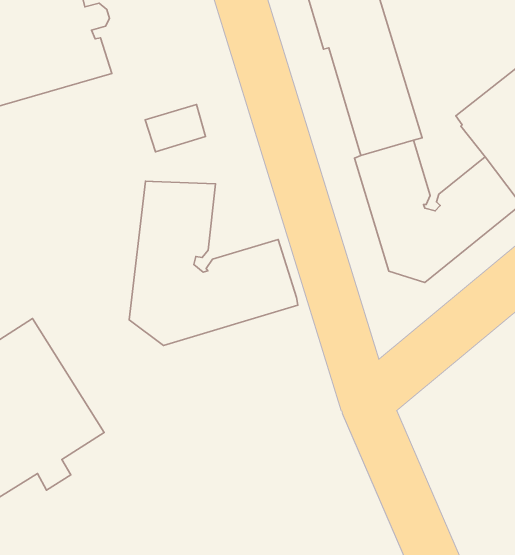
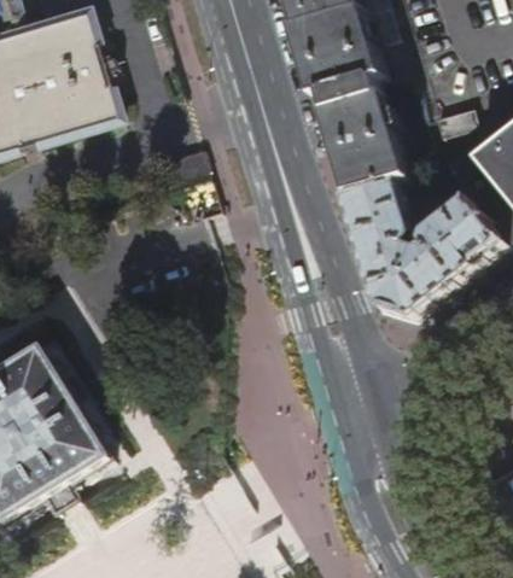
building: [129,181,298,345] -> none

